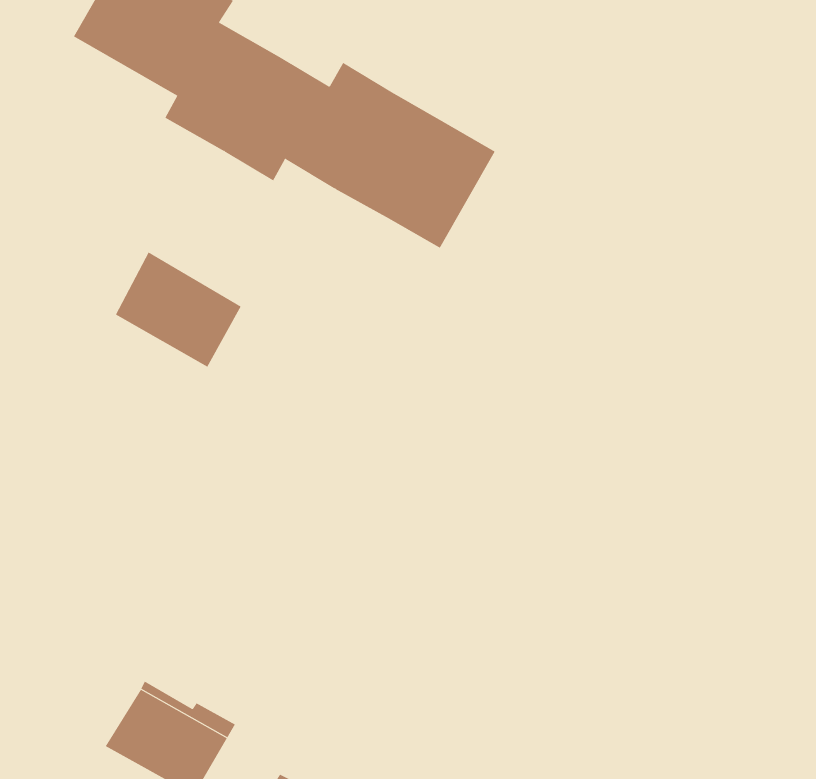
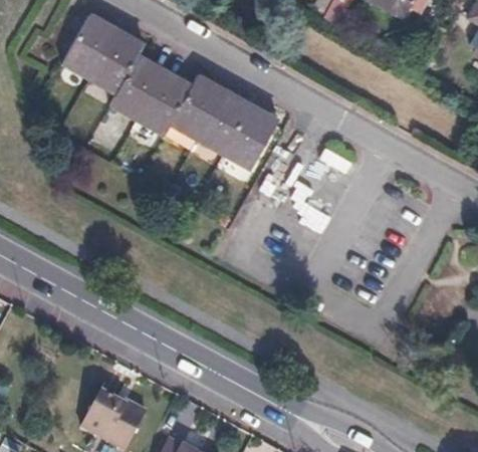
building: [115,251,242,368] -> none

